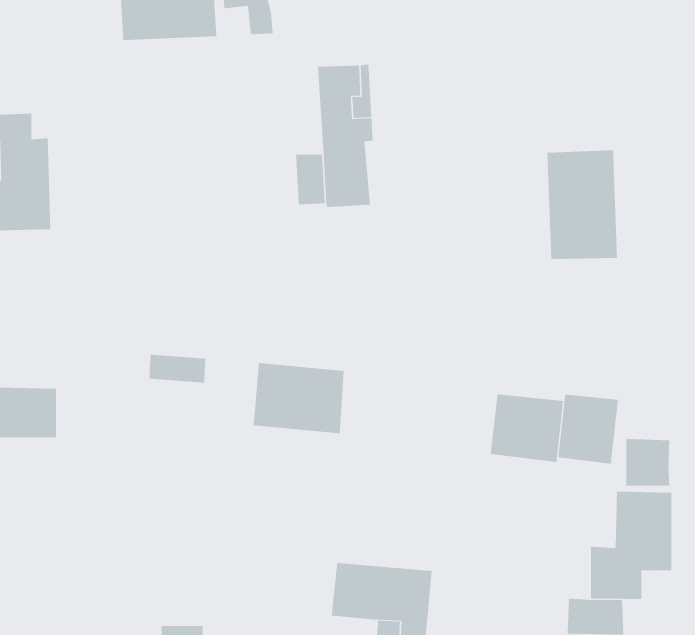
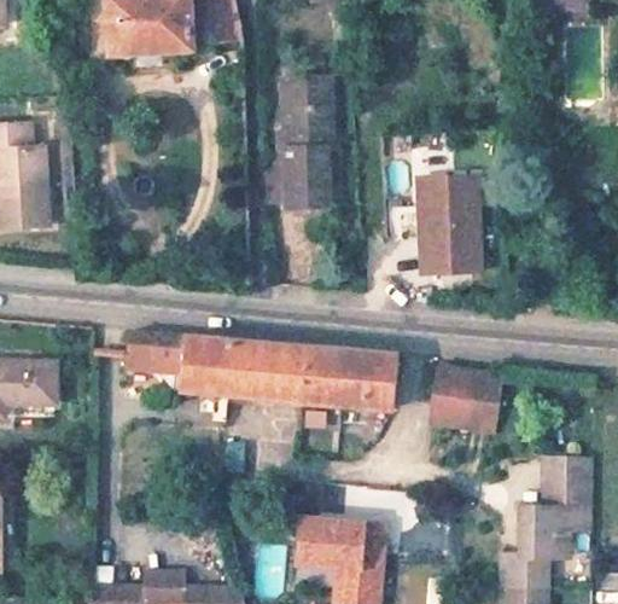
building: [547,150,618,260] -> [415,178,478,274]
building: none -> [179,337,229,396]
building: none -> [302,348,395,411]
building: [558,394,618,464] -> none
building: [626,438,670,486] -> none

